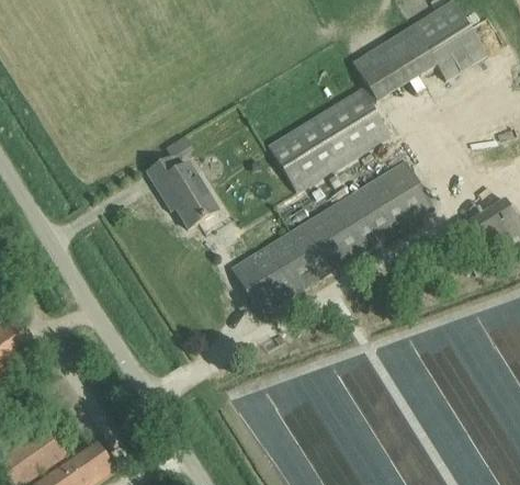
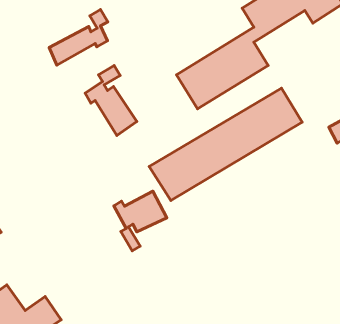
building: none -> [49,10,108,65]
building: none -> [114,191,167,251]

